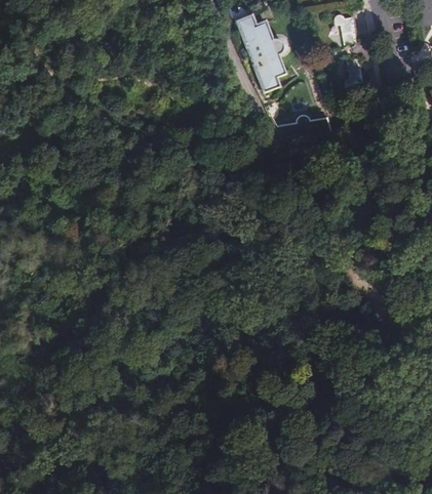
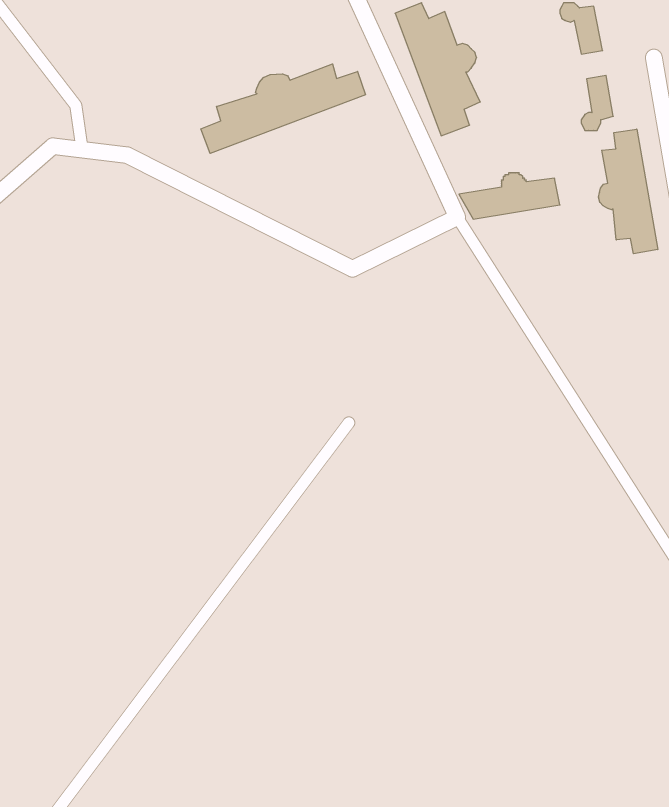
building: none -> [201,64,366,153]
building: none -> [599,129,658,254]

